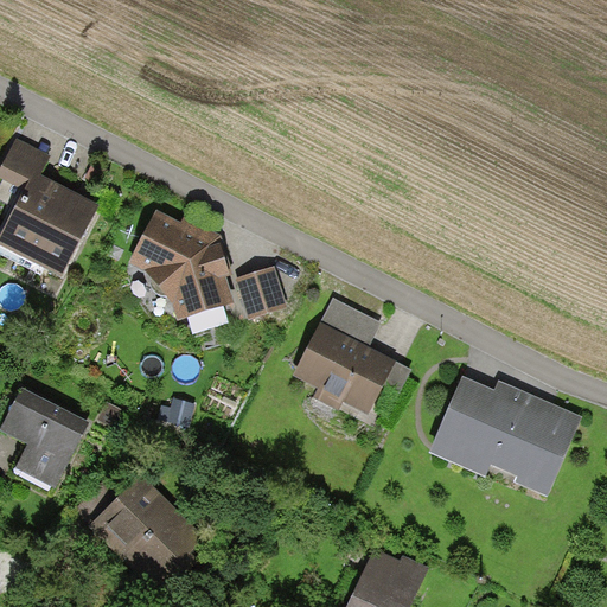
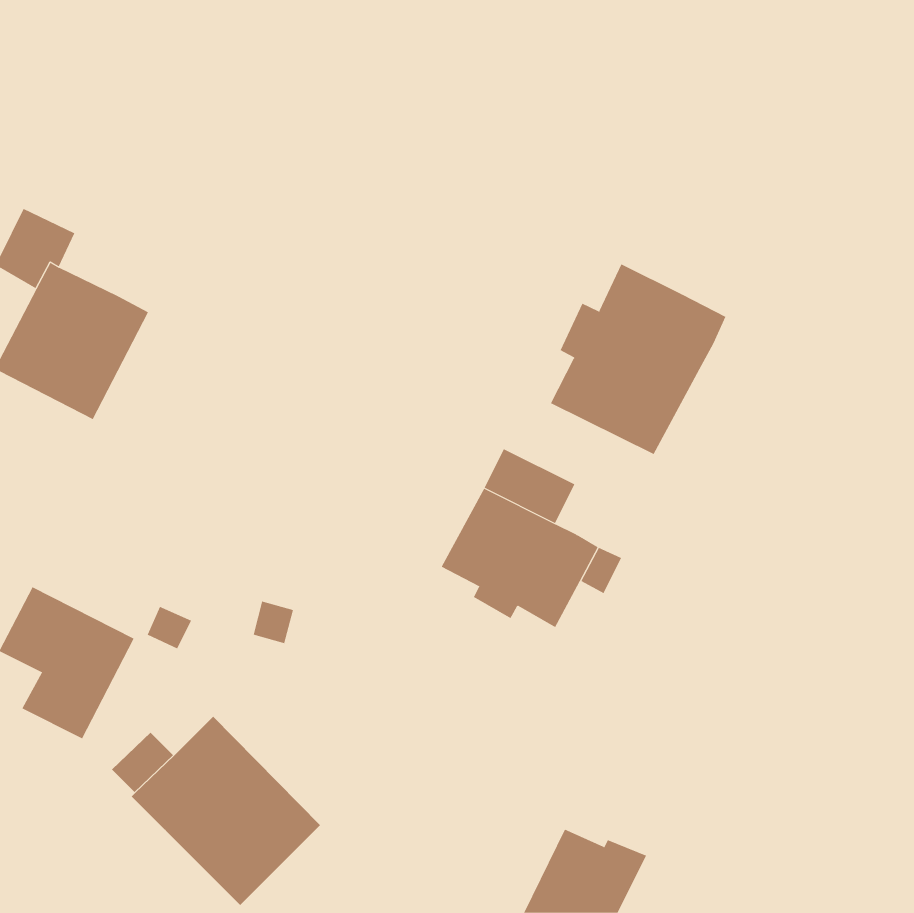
building: none -> [550,263,726,455]
building: [128,211,232,320] -> none
building: [235,266,287,319] -> none
building: [428,375,582,497] -> none

